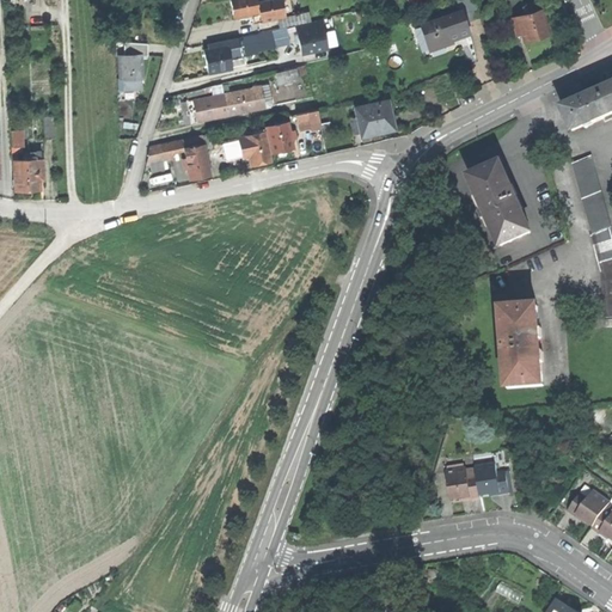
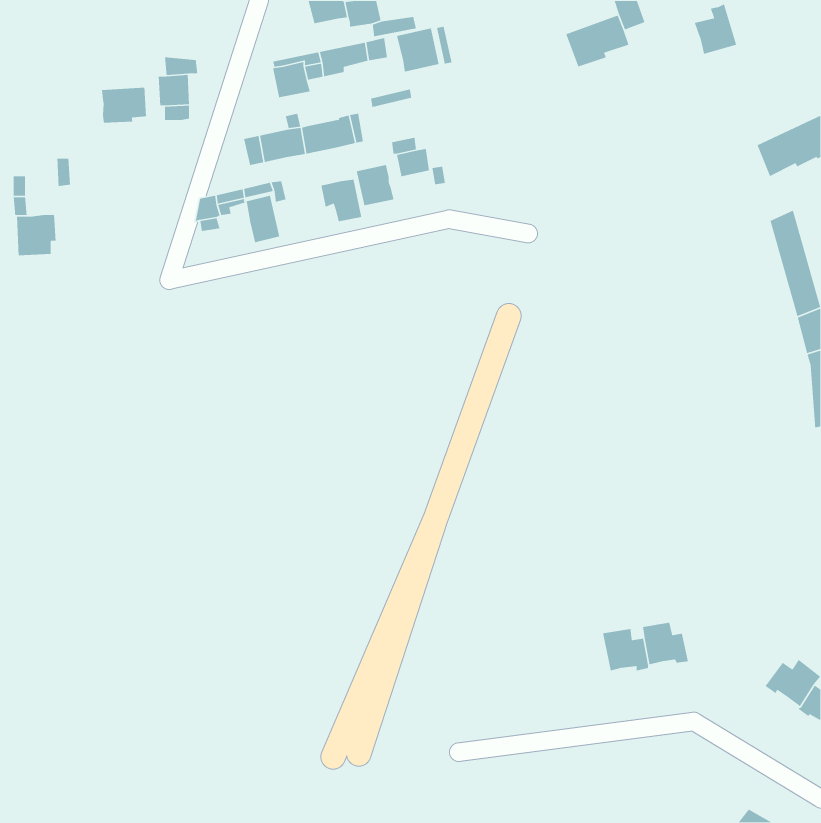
building: none -> [101,87,147,124]
building: [354,100,393,136] -> none
building: [469,164,530,246] -> none
building: [501,306,543,388] -> none

